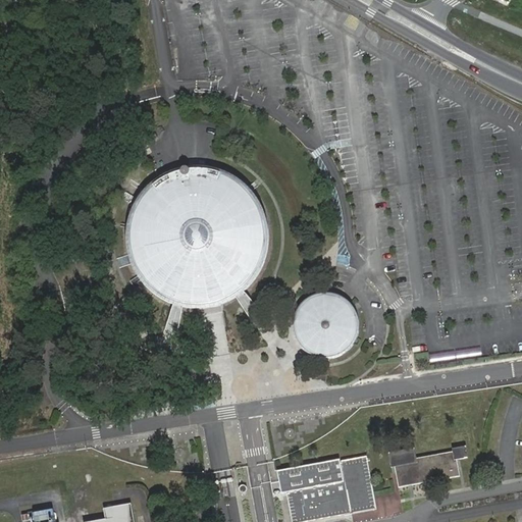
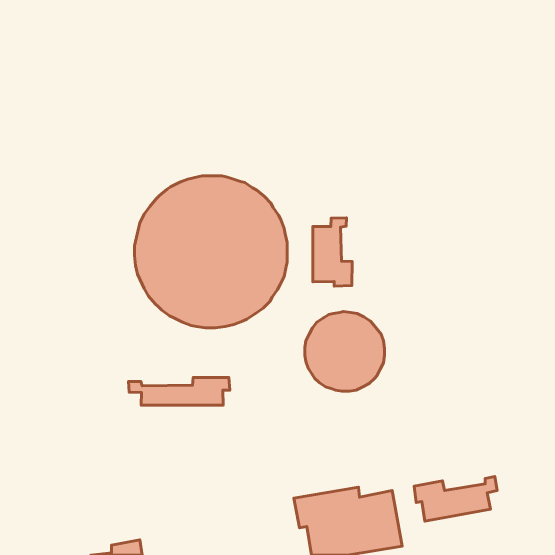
building: none -> [313,218,352,286]
building: none -> [129,377,230,405]

